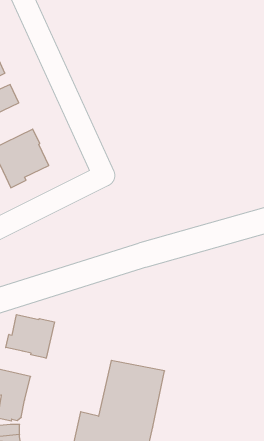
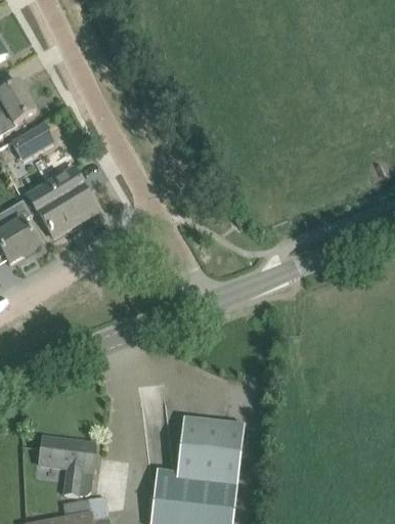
building: [6,315,54,358] -> none

